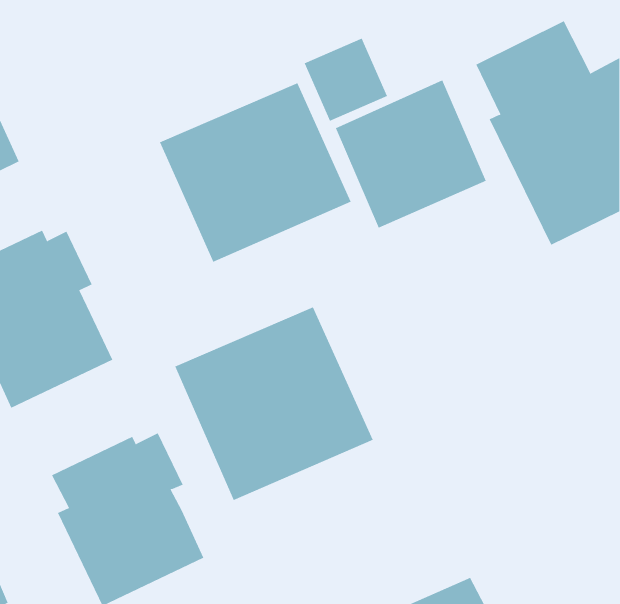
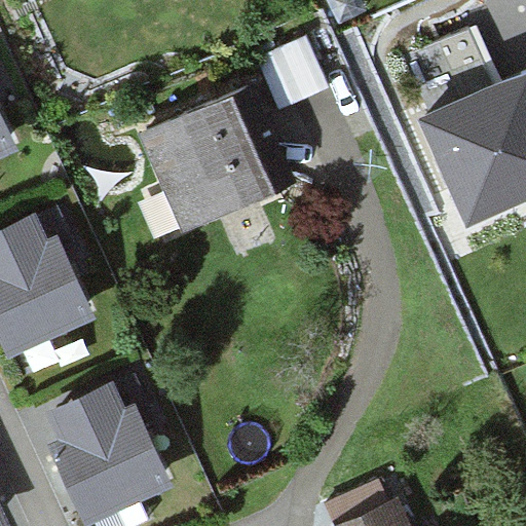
building: [335,80,486,229] -> none
building: [174,306,373,501] -> none

